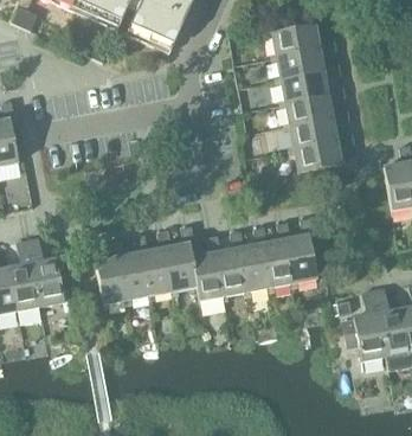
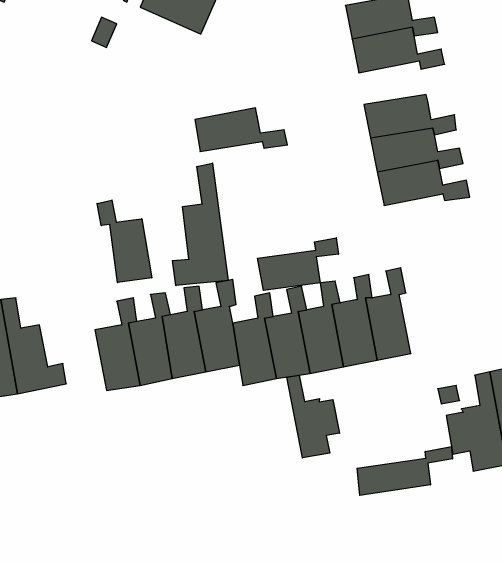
building: [281,71,346,102] -> [195,108,287,152]
building: none -> [172,163,228,286]
building: none -> [97,200,152,283]
building: none -> [258,238,338,290]
building: none -> [287,375,340,458]
building: none -> [357,447,452,495]

